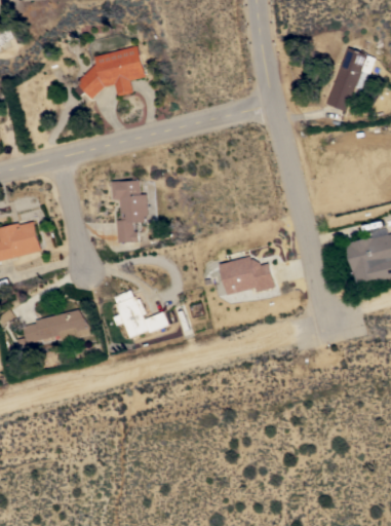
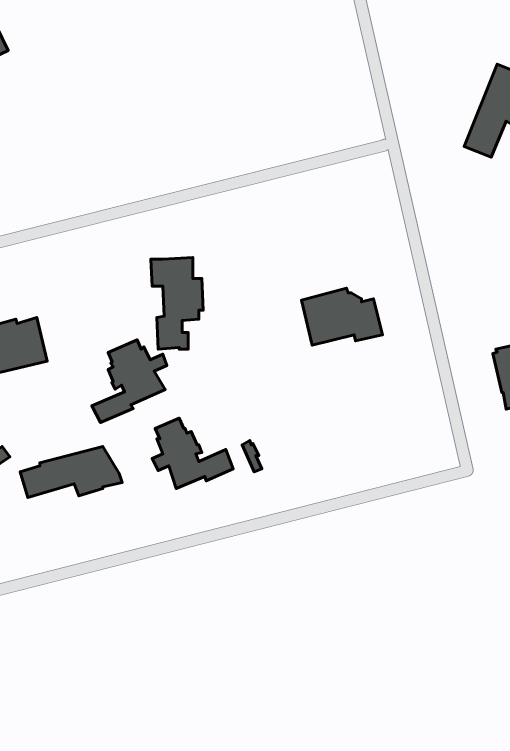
building: [73,46,146,99] -> none
building: none -> [92,340,167,423]
building: [219,256,274,295] -> [302,288,383,345]

